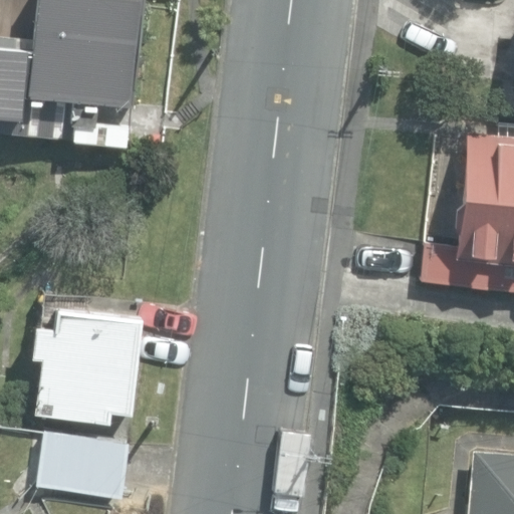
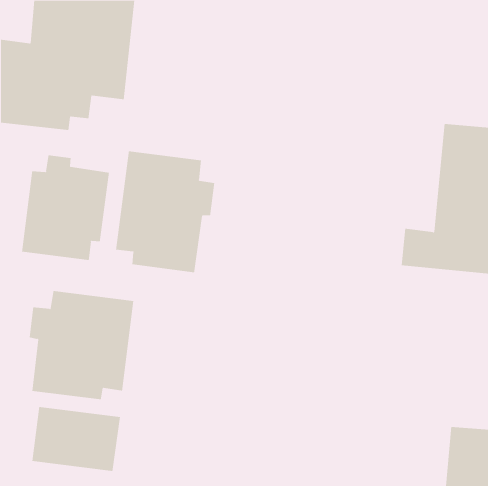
building: none -> [116,151,215,273]
building: none -> [22,154,109,261]

